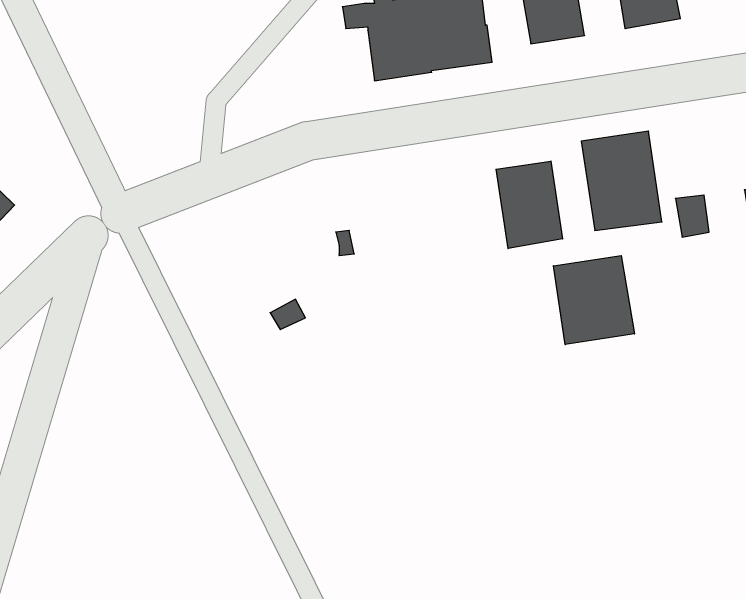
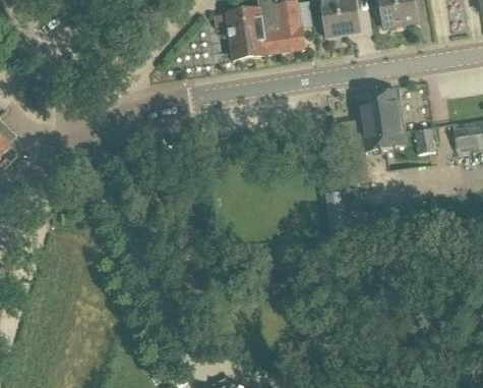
building: [496,161,563,249] -> none
building: [553,256,634,345] -> none

